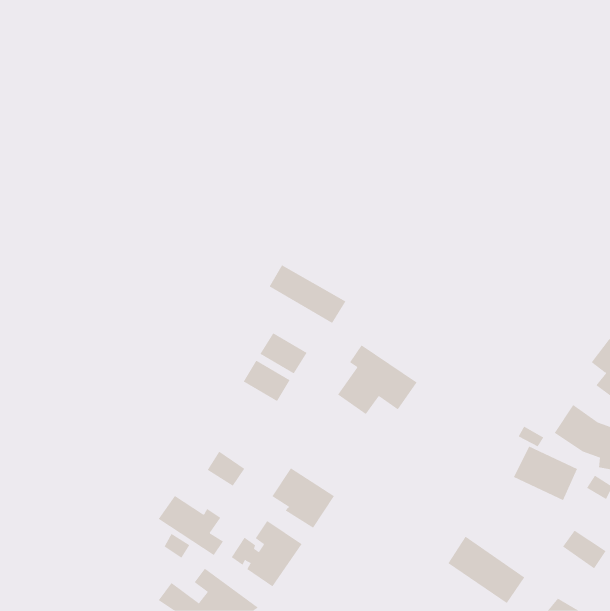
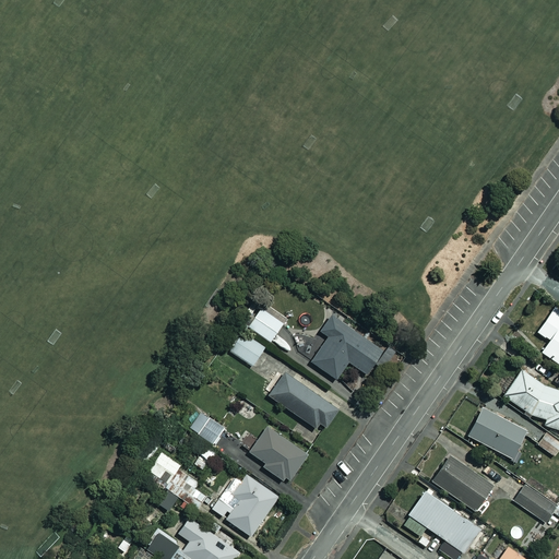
building: [269,264,346,324] -> none
building: none -> [267,373,337,428]
building: none -> [433,455,497,511]

